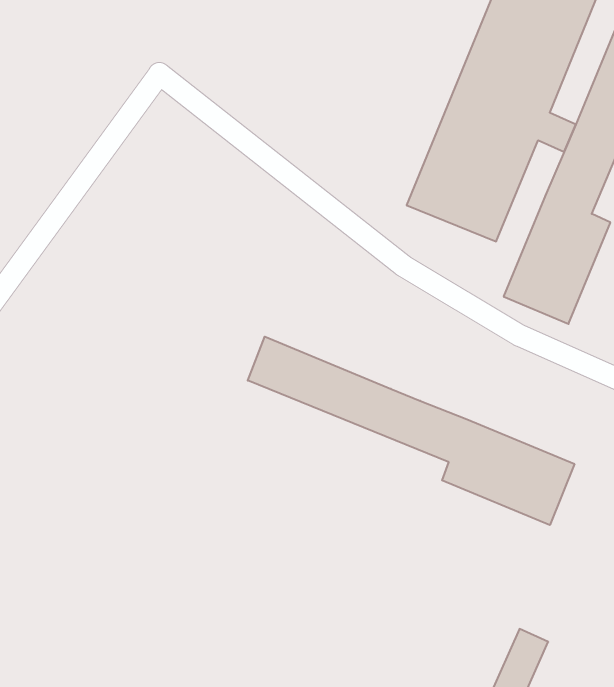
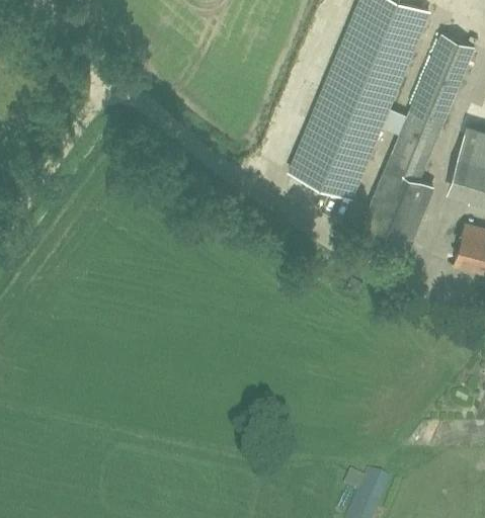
building: [248,337,574,525] -> none

